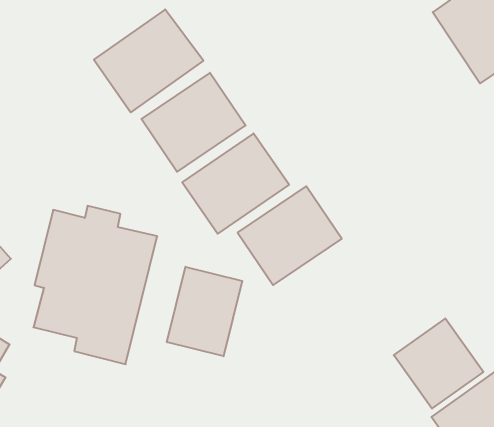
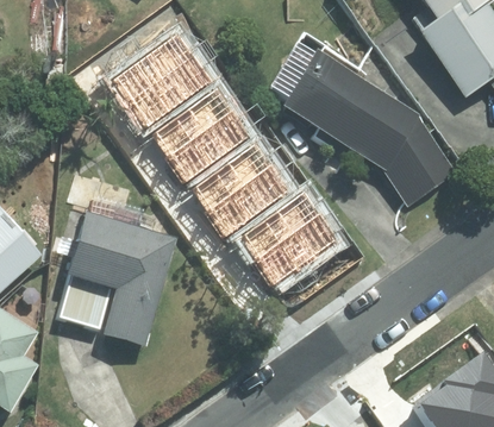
building: none -> [268,34,457,206]
building: [167,267,242,356] -> none
building: [394,318,483,409] -> none

